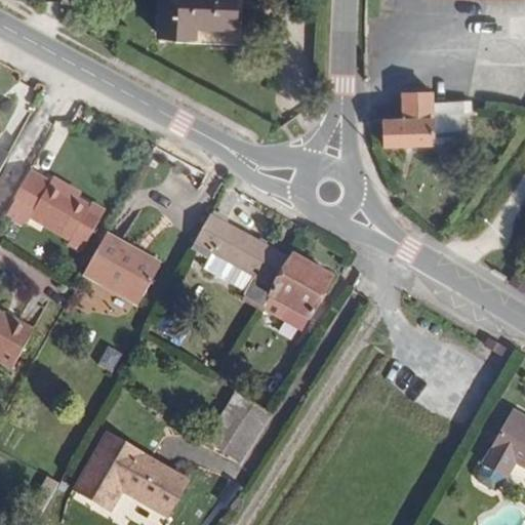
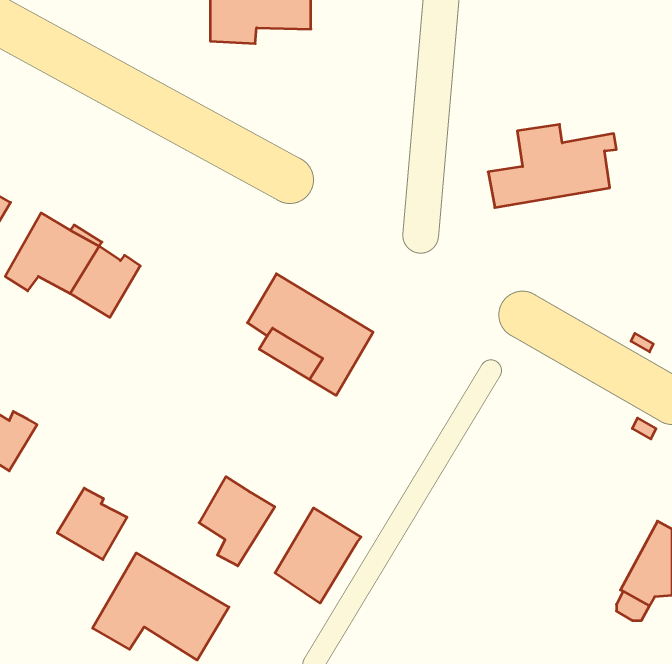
building: [83,233,159,302] -> none
building: [257,257,334,338] -> none
building: none -> [199,477,275,566]
building: none -> [57,488,127,560]

